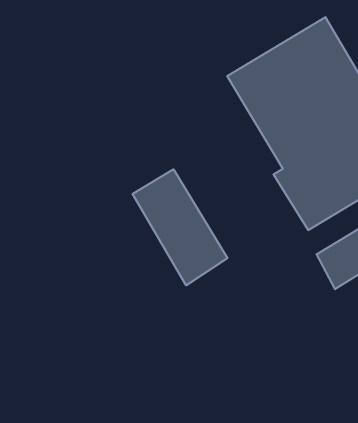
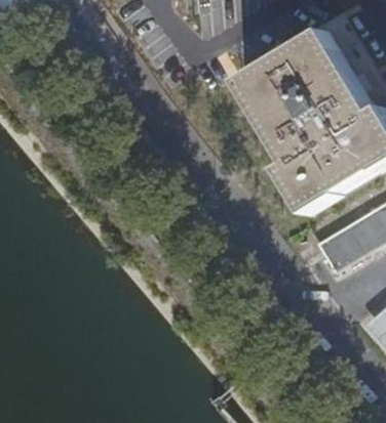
building: [133,169,227,285] -> none

